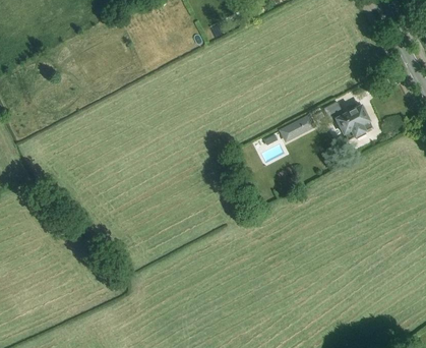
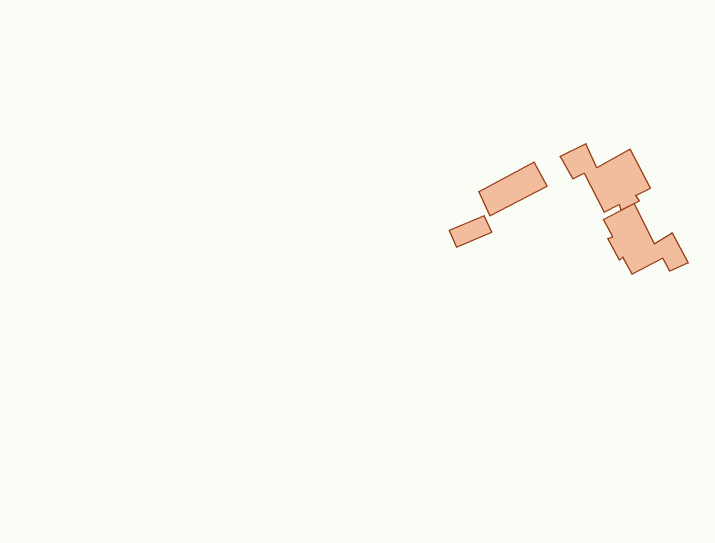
building: none -> [603,204,688,274]

